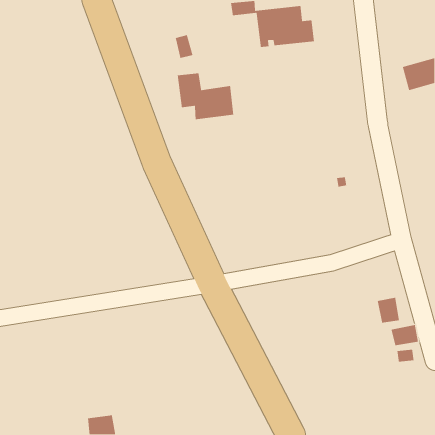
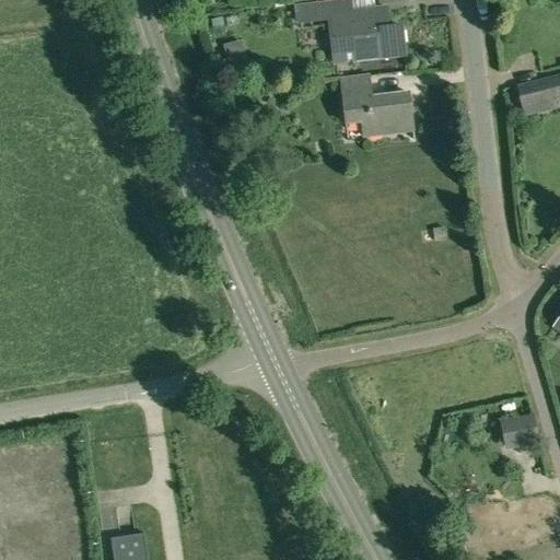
building: [177,72,234,120] -> [339,74,412,136]
building: [377,297,400,323] -> none

